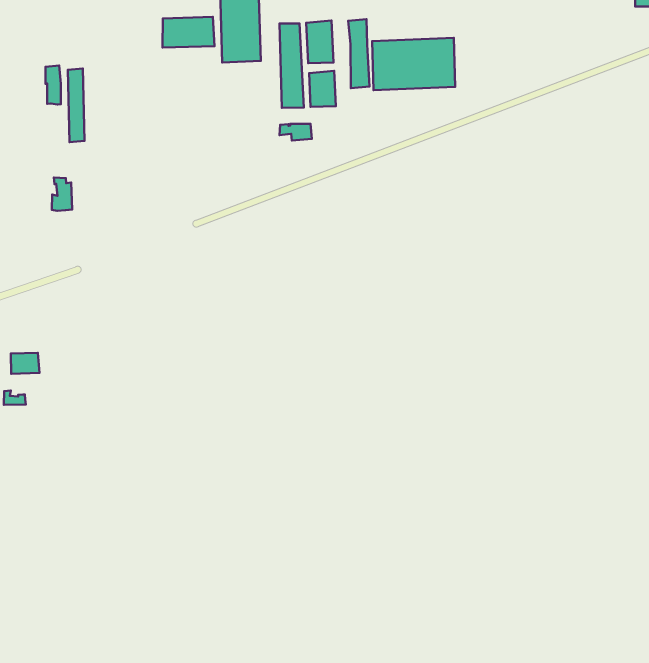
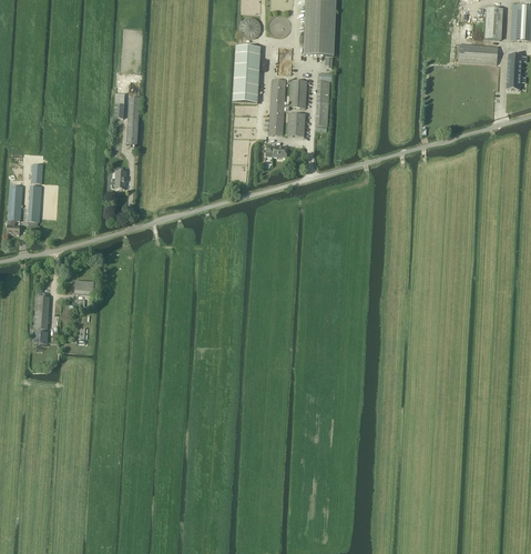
building: [162,17,215,48] -> none
building: [372,38,455,90] -> none

